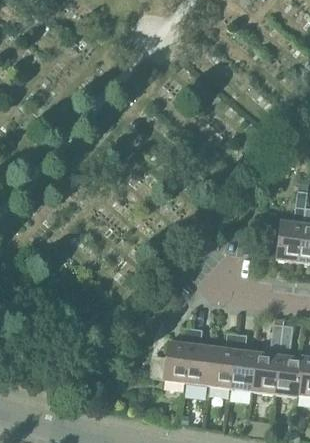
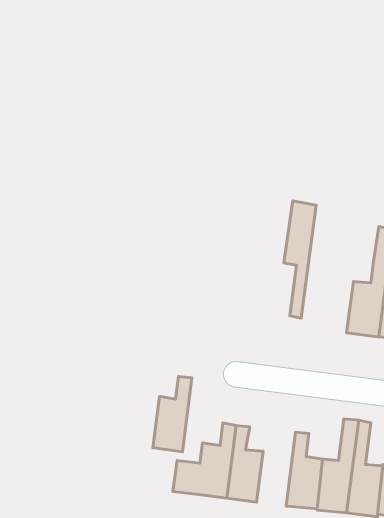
building: none -> [284,201,316,318]
building: [209,332,238,388] -> [153,376,192,452]

